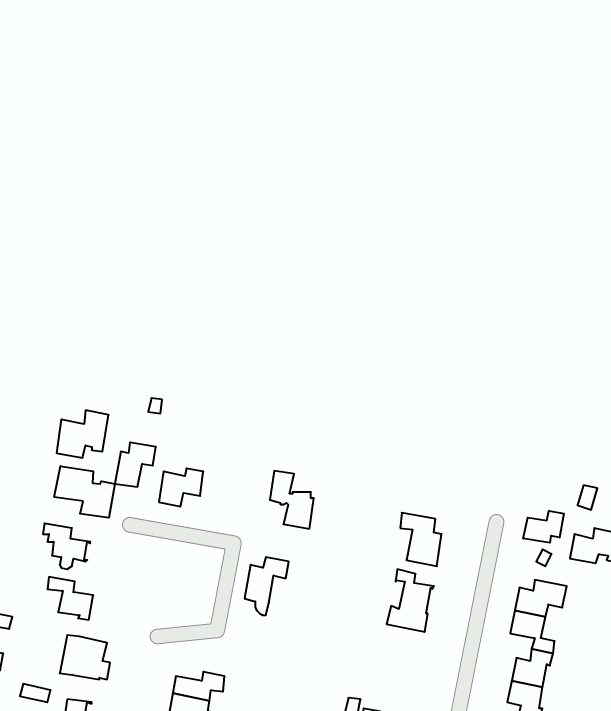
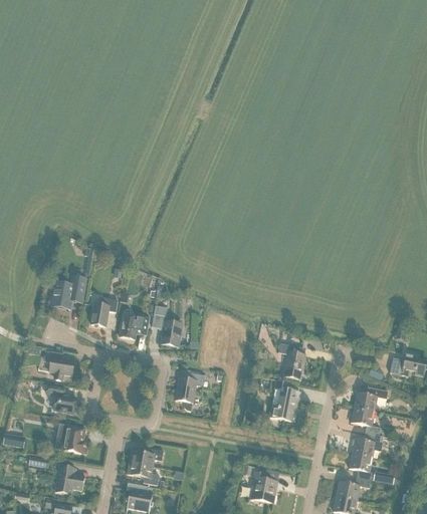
building: [54,466,115,518] -> none
building: [270,471,314,529] -> [152,306,181,344]
building: [523,511,564,543] -> none

